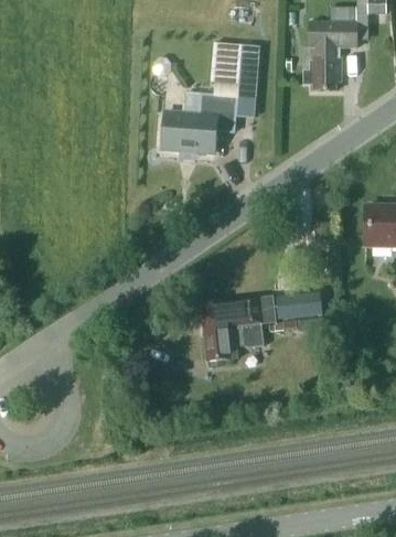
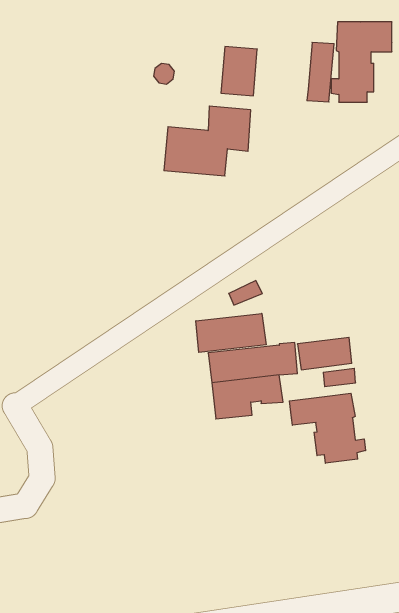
building: [236,45,259,96] -> [307,42,334,102]
building: none -> [196,313,266,352]
building: none -> [289,393,366,463]

